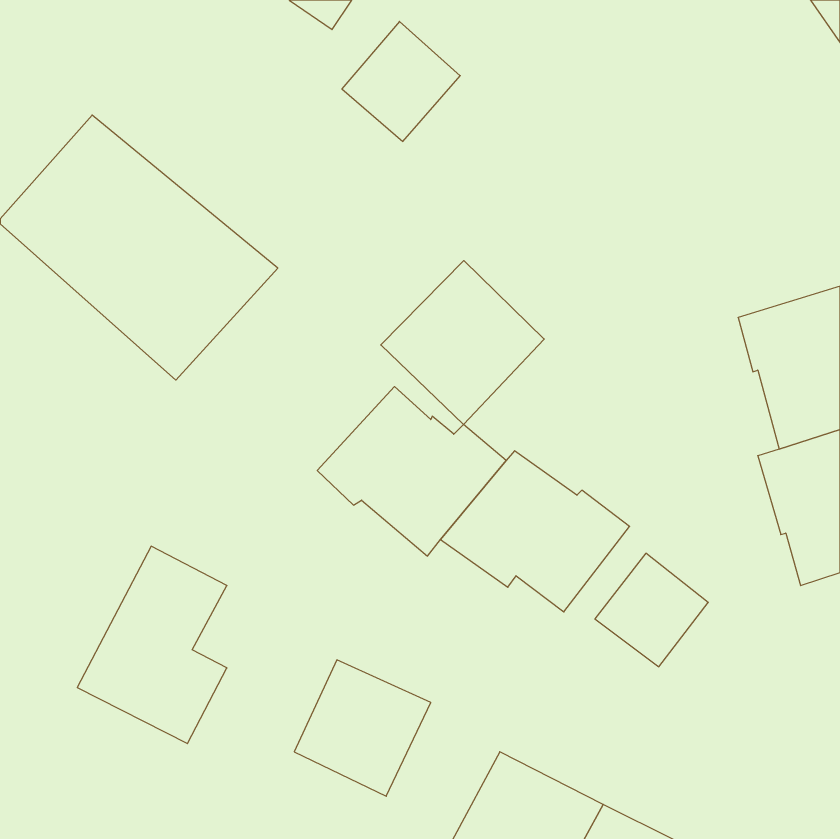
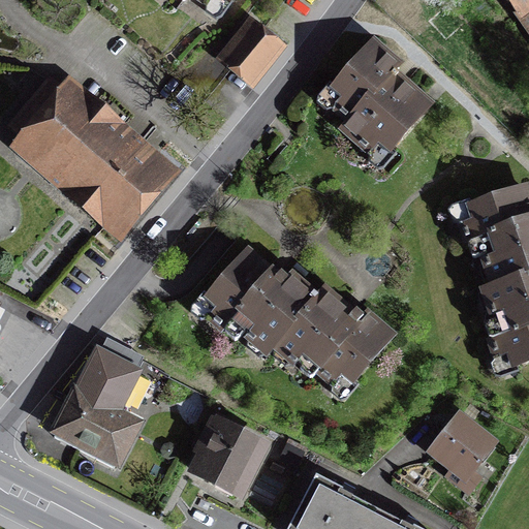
building: none -> [326,33,433,162]
building: [381,261,544,424] -> none
building: [595,553,708,667] -> [428,408,499,479]

